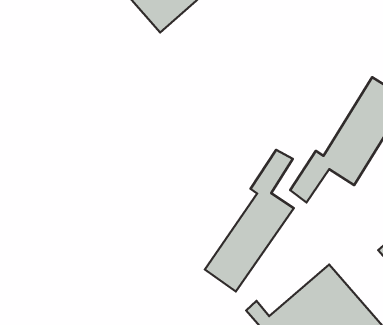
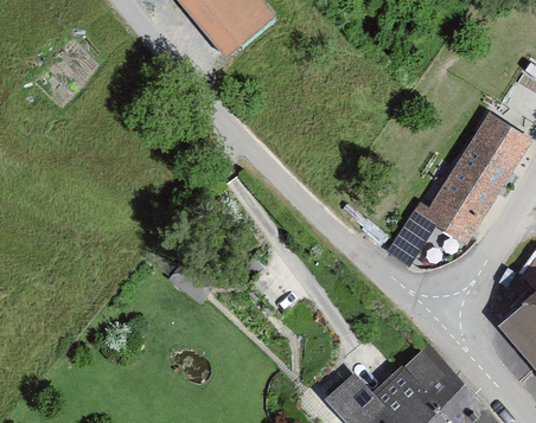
building: [205,150,294,291] -> none

